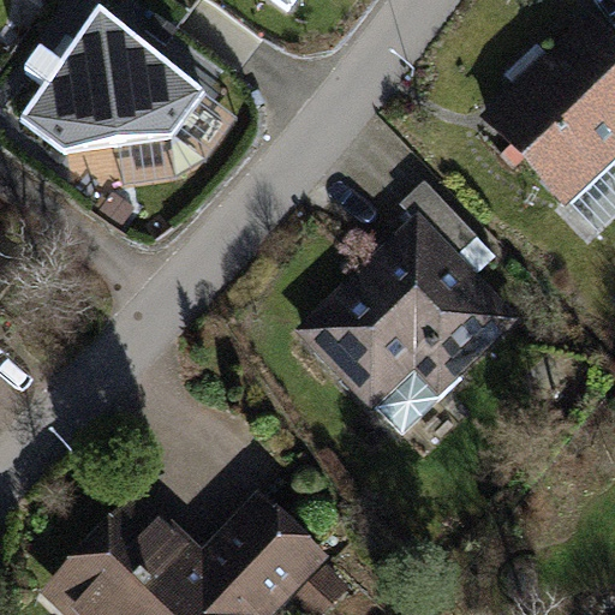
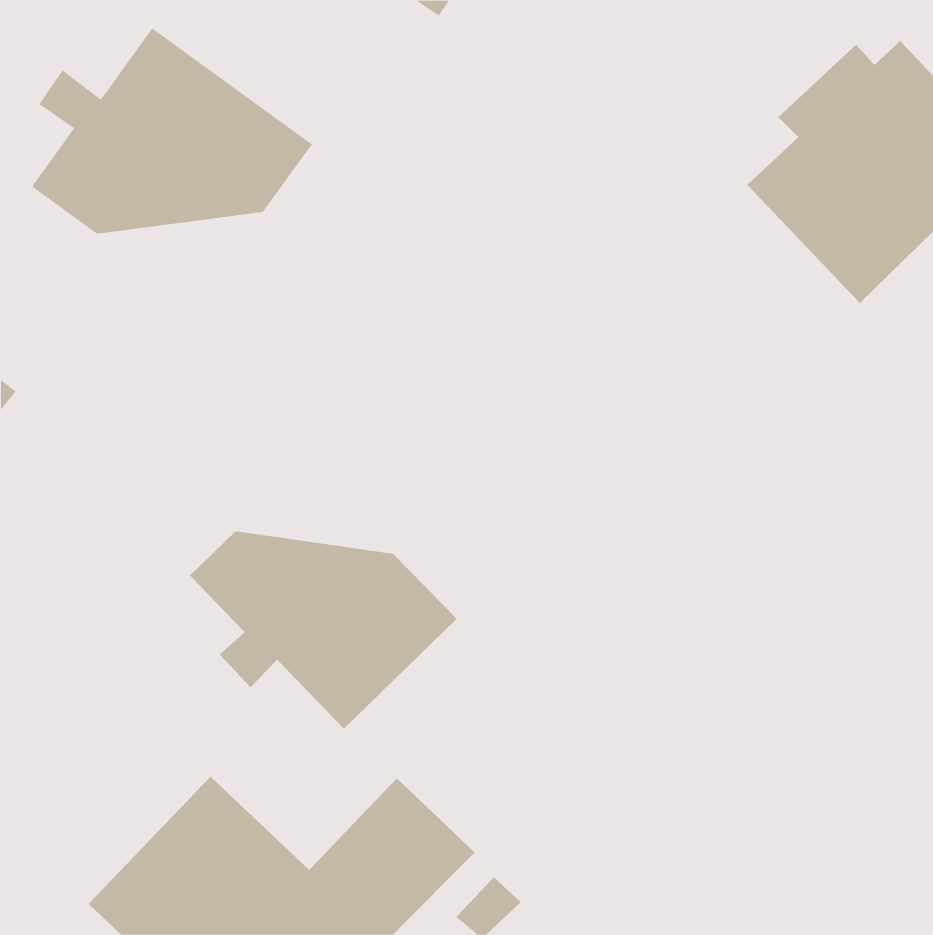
building: [306,190,512,435] -> none
building: none -> [189,530,457,729]

